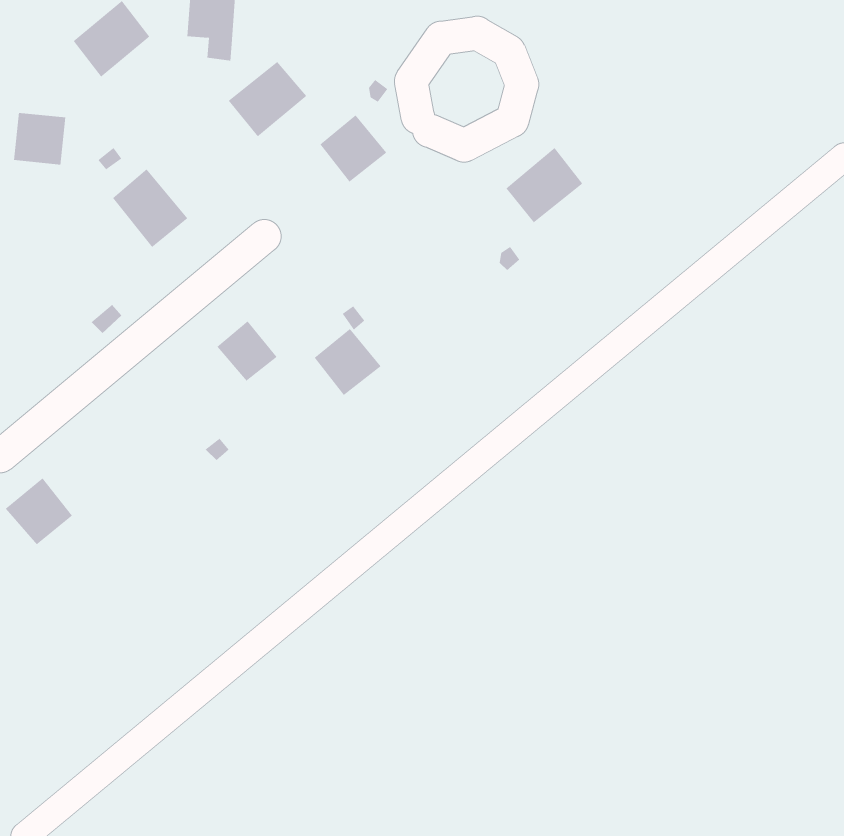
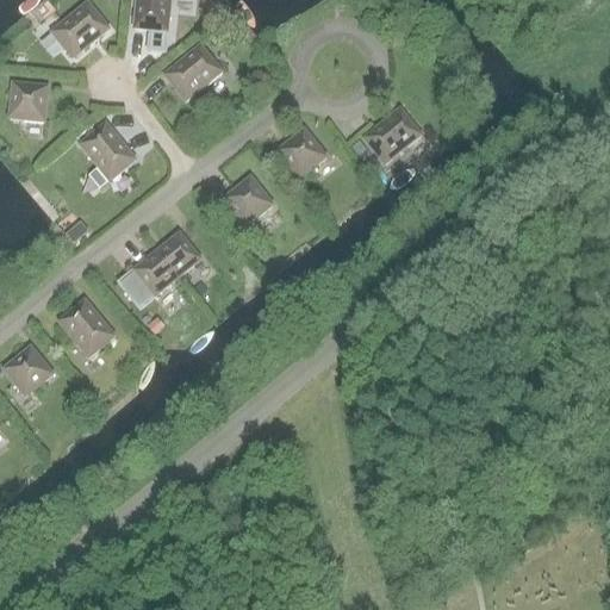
building: [319,115,387,182] -> [278,127,326,176]
building: [314,328,382,396] -> [224,175,273,224]
building: none -> [119,250,178,305]
building: none -> [60,298,114,355]

